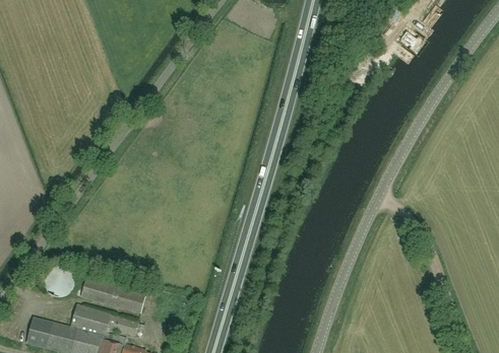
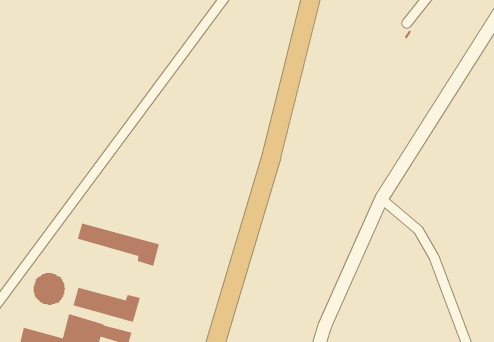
building: none -> [77,222,160,267]

